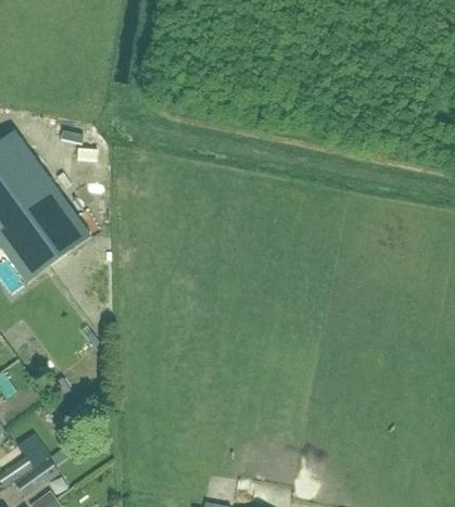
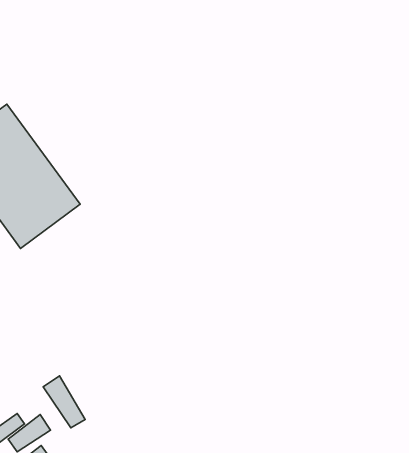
building: none -> [43,376,85,428]

